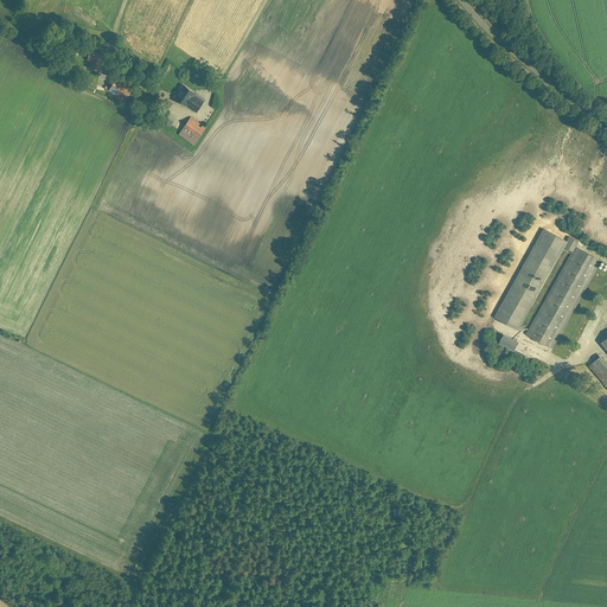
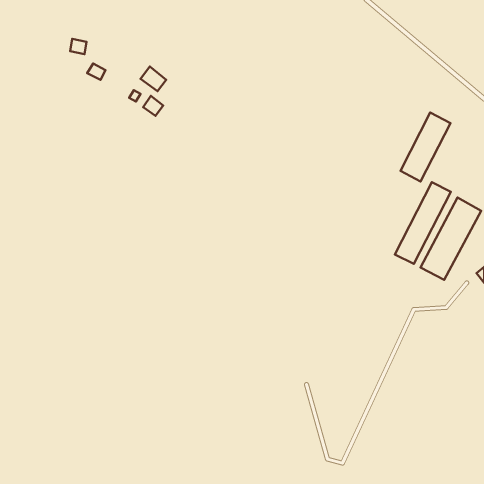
building: none -> [400,113,450,181]

